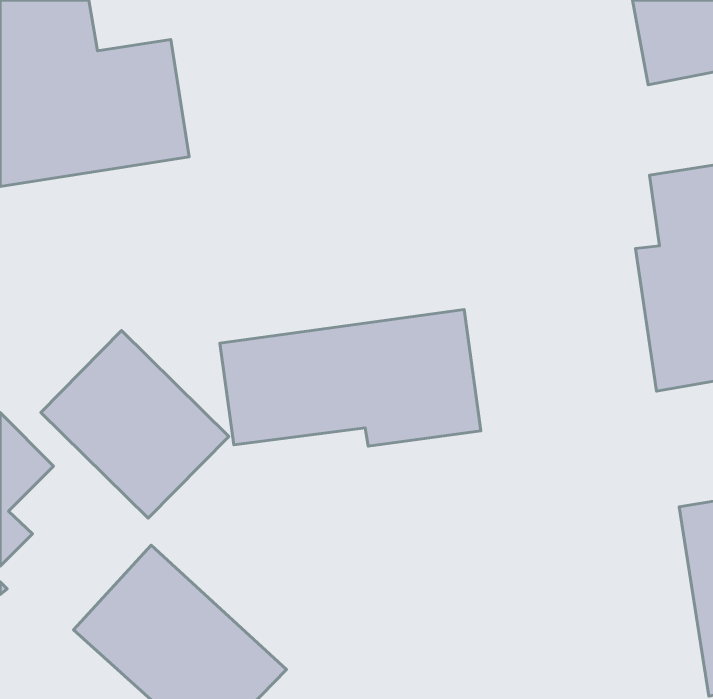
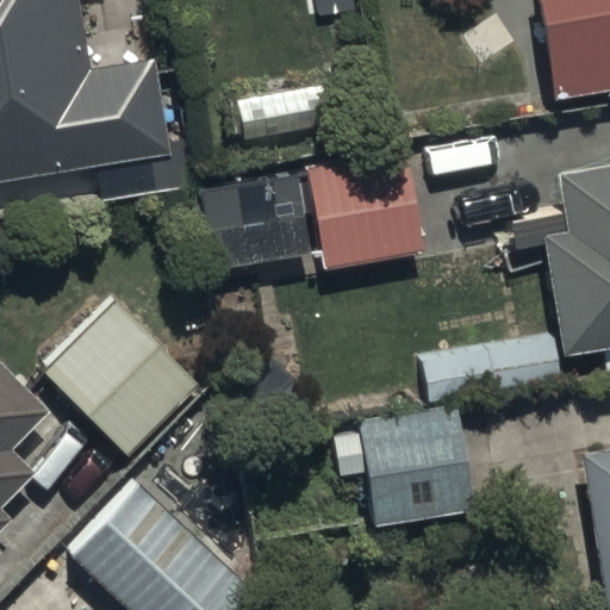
building: [220,309,481,446] -> [201,148,422,263]
building: none -> [334,403,474,525]

